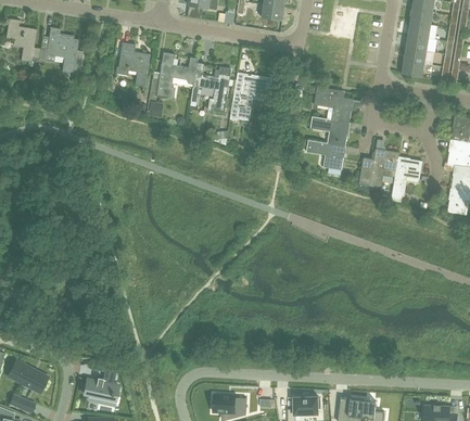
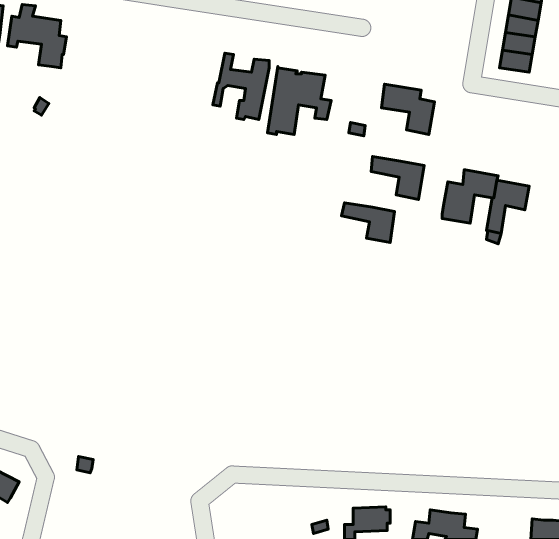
building: [117,42,150,87] -> none
building: [156,53,199,100] -> none
building: [309,116,348,145] -> [341,203,395,243]
building: [84,368,116,401] -> none
building: [213,395,245,413] -> none

